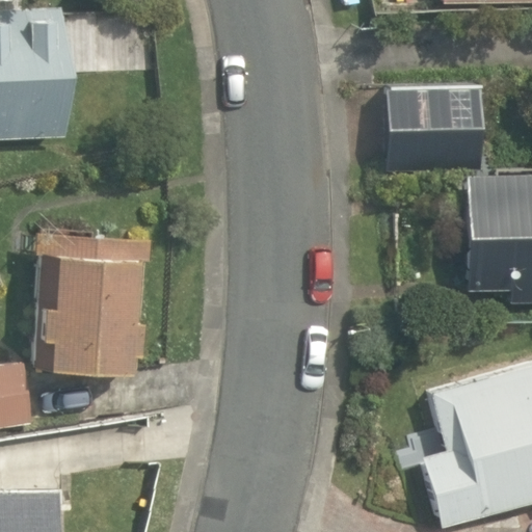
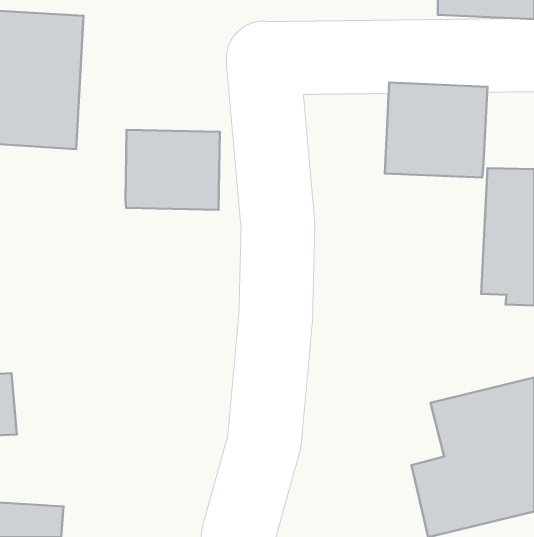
building: none -> [126,130,220,210]
building: [39,219,158,374] -> none

